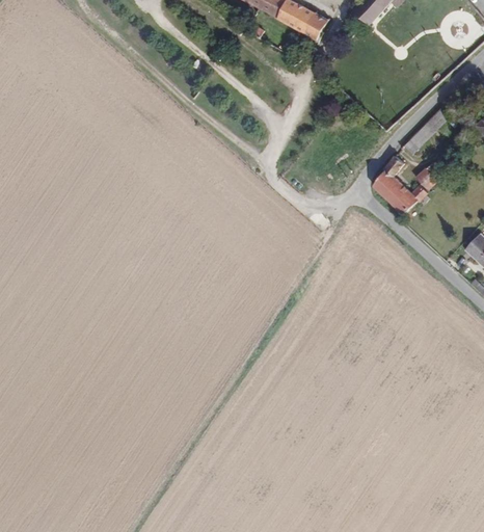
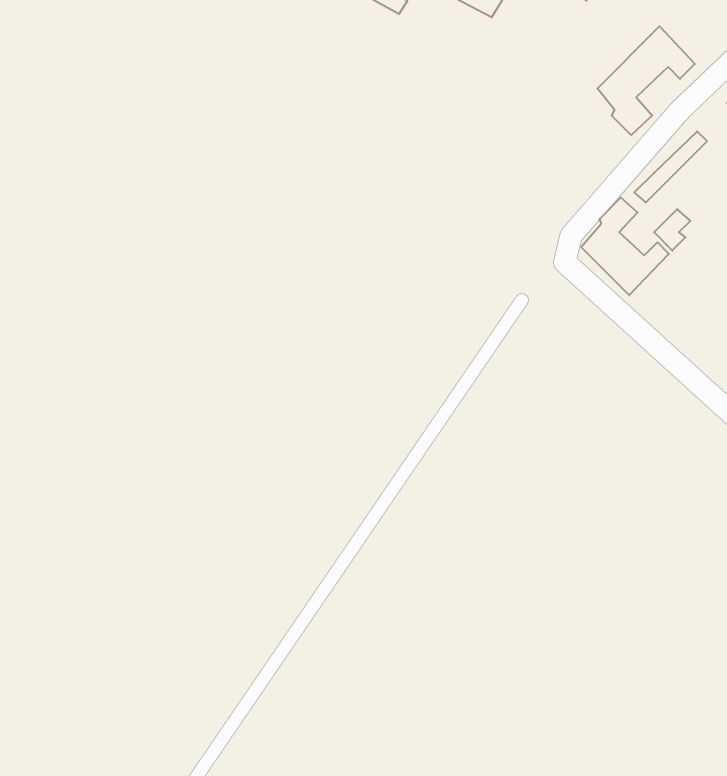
building: none -> [597,26,695,135]

